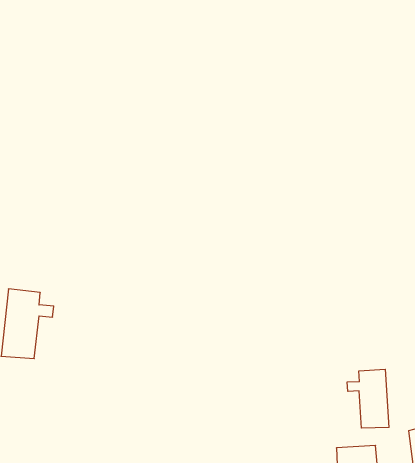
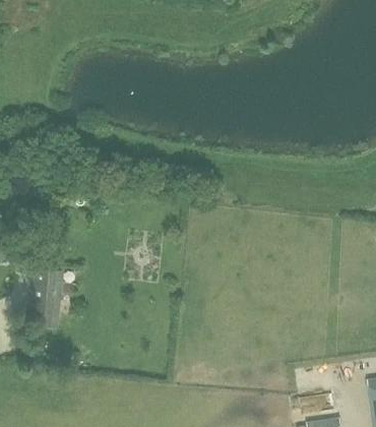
building: [347,369,389,428] -> none

